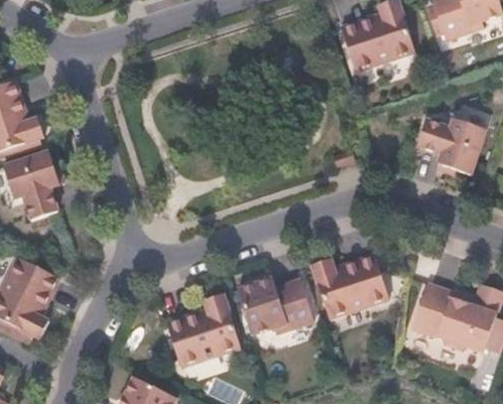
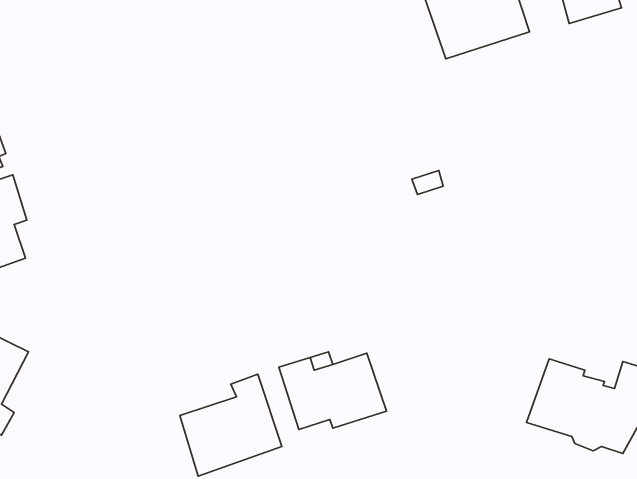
building: [416,118,486,174] -> none
building: [310,253,388,315] -> none

